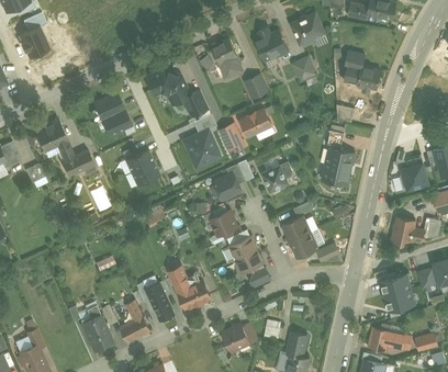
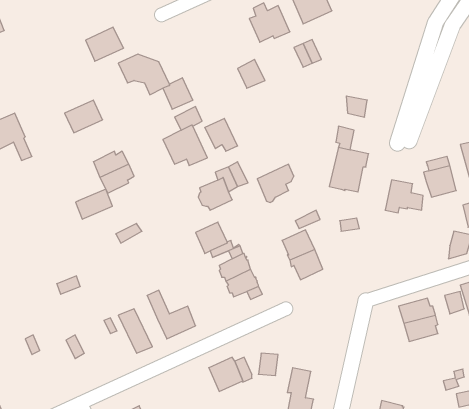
building: [210,40,240,75] -> none
building: [344,52,380,93] -> none
building: [92,91,124,120] -> [86,27,124,61]
building: [240,110,271,136] -> none
building: [61,149,92,174] -> [76,189,112,219]
building: [391,217,423,245] -> [385,180,423,213]
building: [120,301,149,342] -> none
building: [80,304,112,351] -> none
building: [368,325,411,351] -> none

